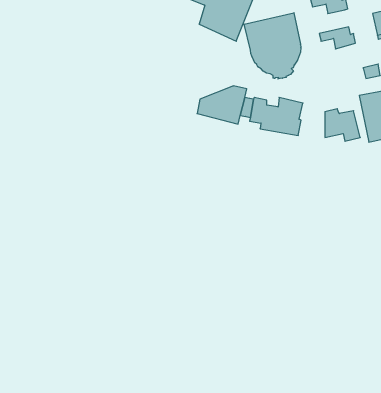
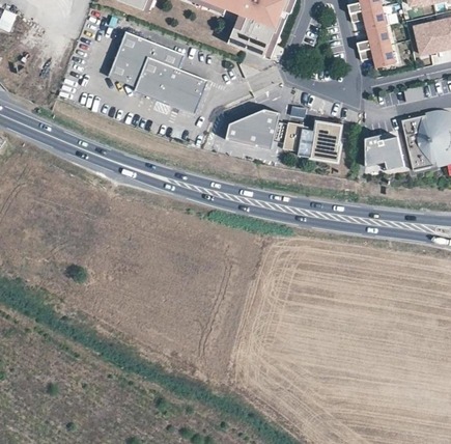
building: none -> [356,25,390,51]
building: none -> [109,28,207,112]
building: [244,13,301,79] -> none

